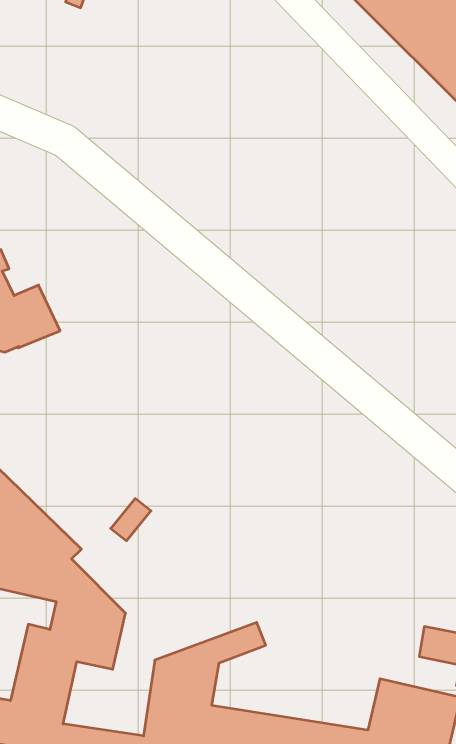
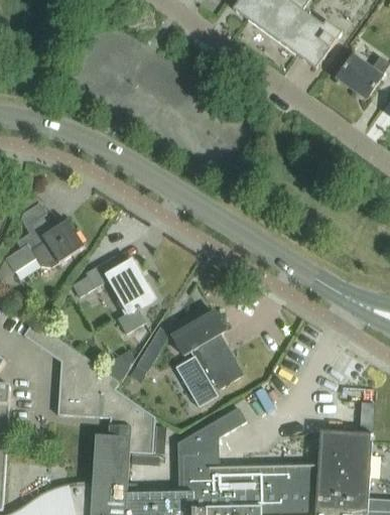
building: none -> [72,257,154,334]
building: none -> [171,311,242,407]

